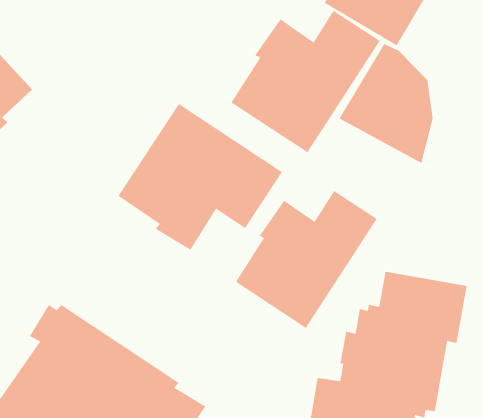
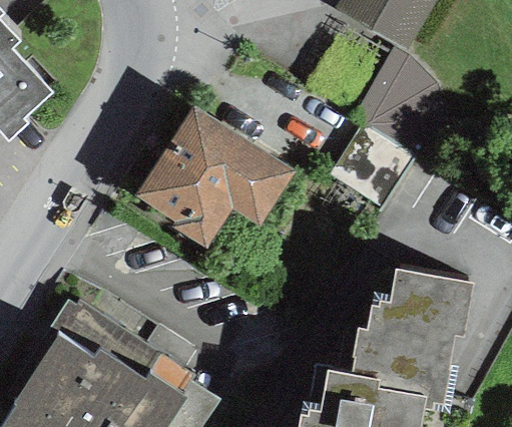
building: [231,10,380,153] -> none
building: [235,190,377,329] -> none

